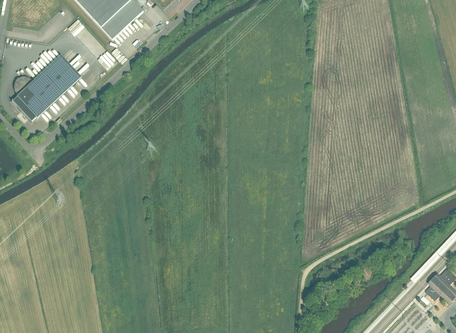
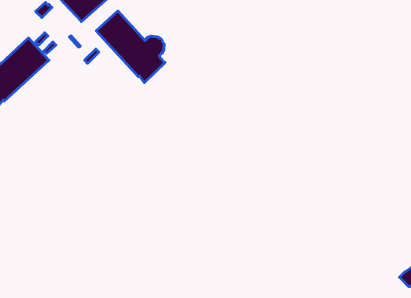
building: none -> [96,11,165,83]

